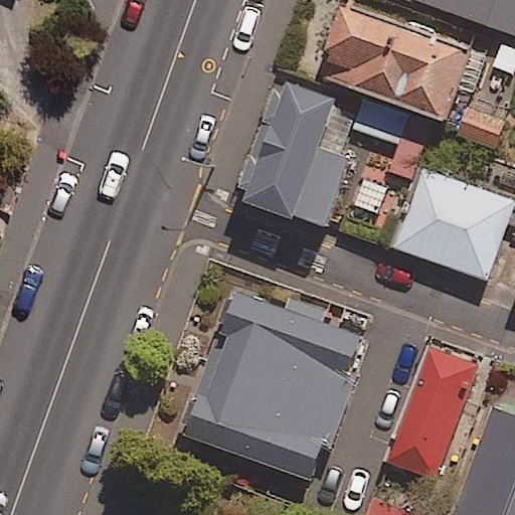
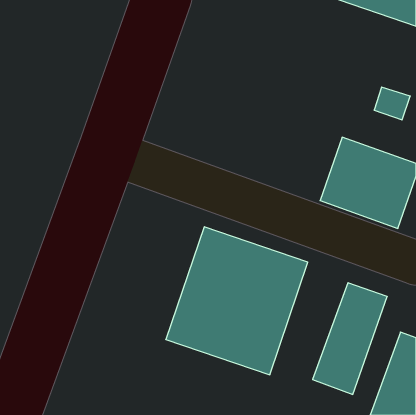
building: [317,7,471,125] -> none
building: [239,82,350,232] -> none

